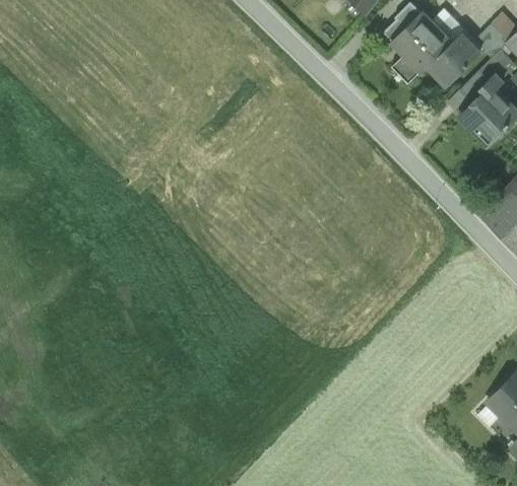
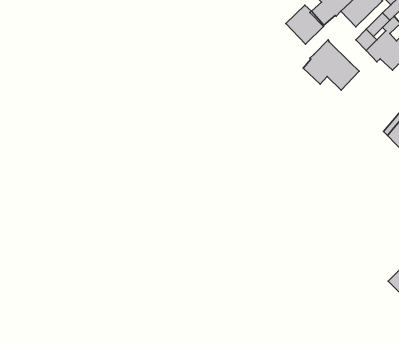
building: none -> [286,5,324,44]
building: none -> [303,40,359,90]

